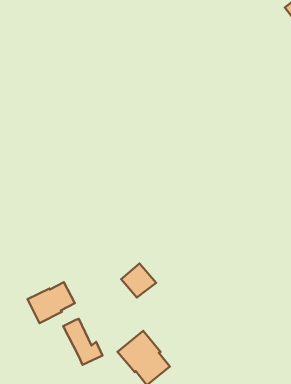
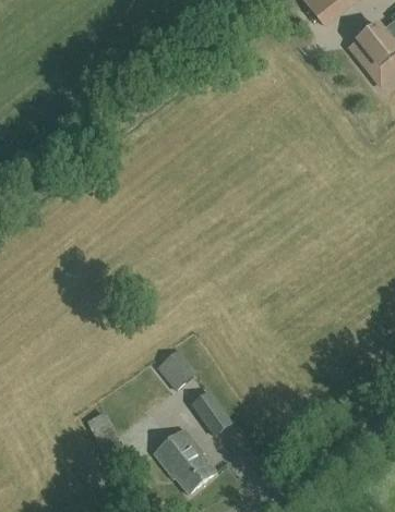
building: [27,282,75,323] -> none
building: none -> [191,394,231,439]

